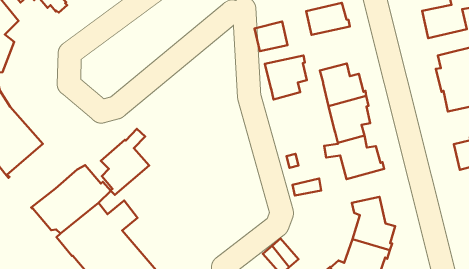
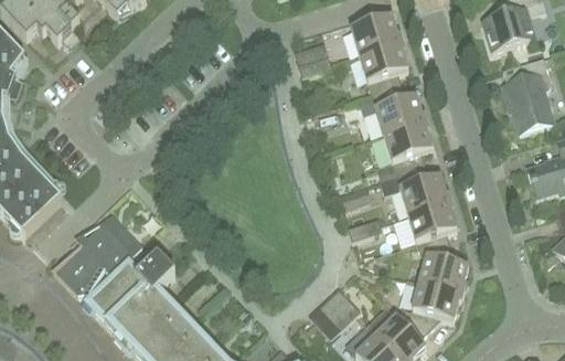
building: [265,56,307,99] -> [359,41,407,93]
building: [101,129,149,195] -> none
building: none -> [408,200,456,241]

